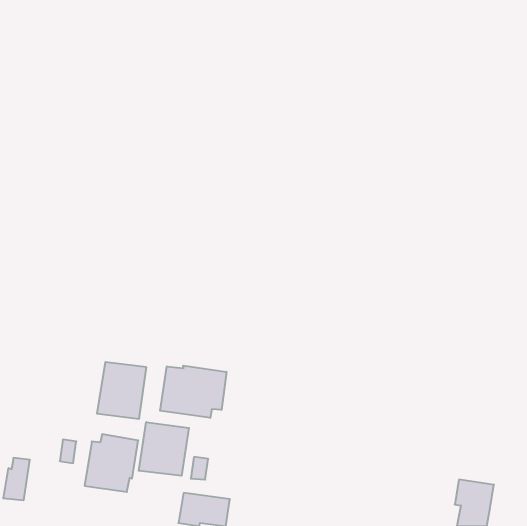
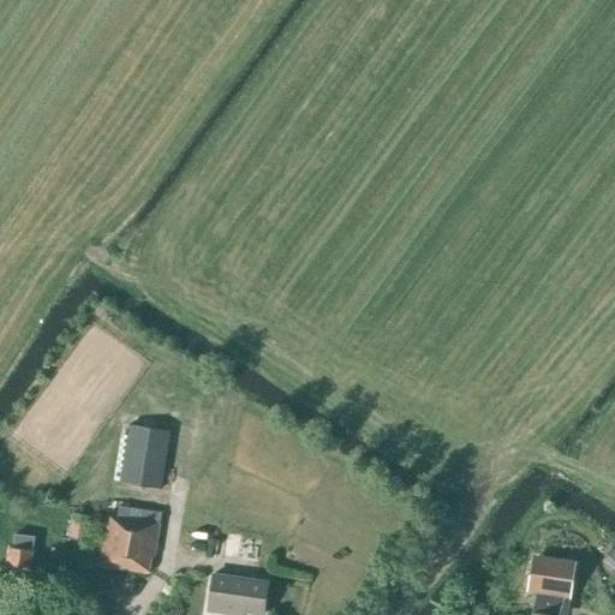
building: [160,366,226,418] -> none
building: [139,422,189,476] -> none

